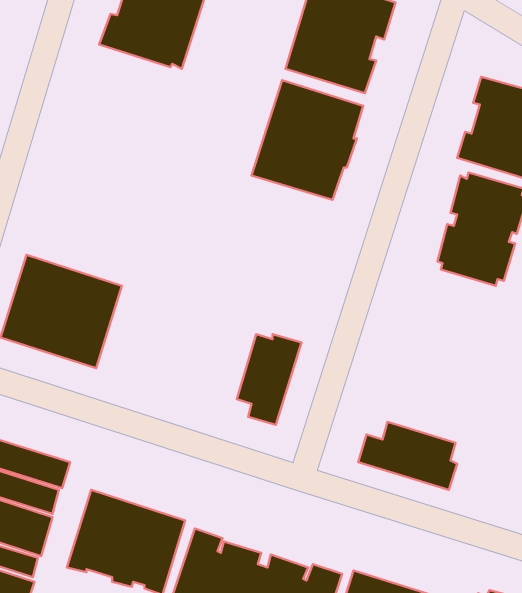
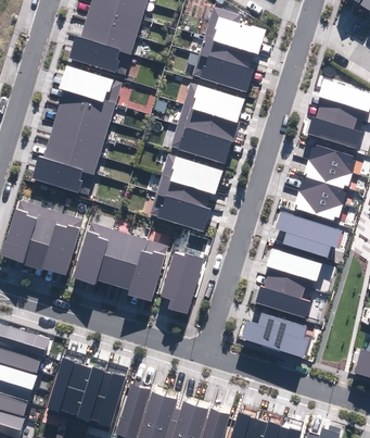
building: none -> [31,65,123,195]
building: none -> [150,153,224,231]
building: none -> [275,211,343,258]
building: none -> [74,222,168,302]
building: none -> [256,249,322,318]

